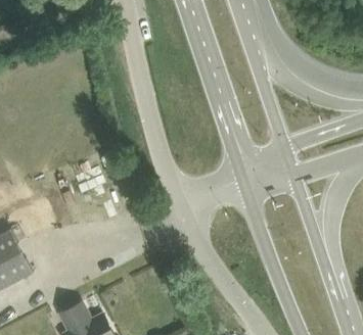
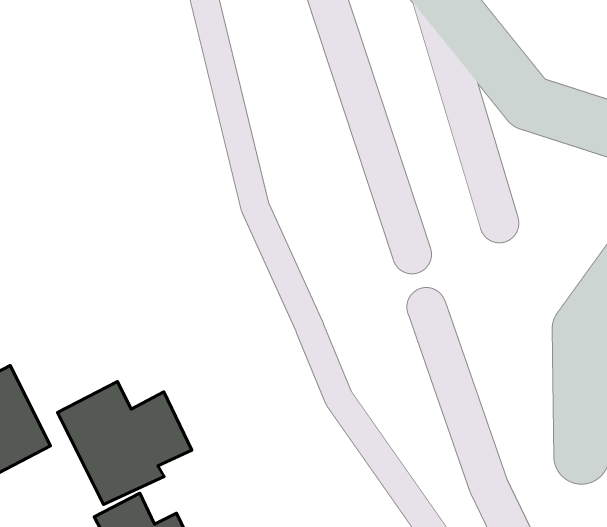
building: none -> [58,381,192,505]

